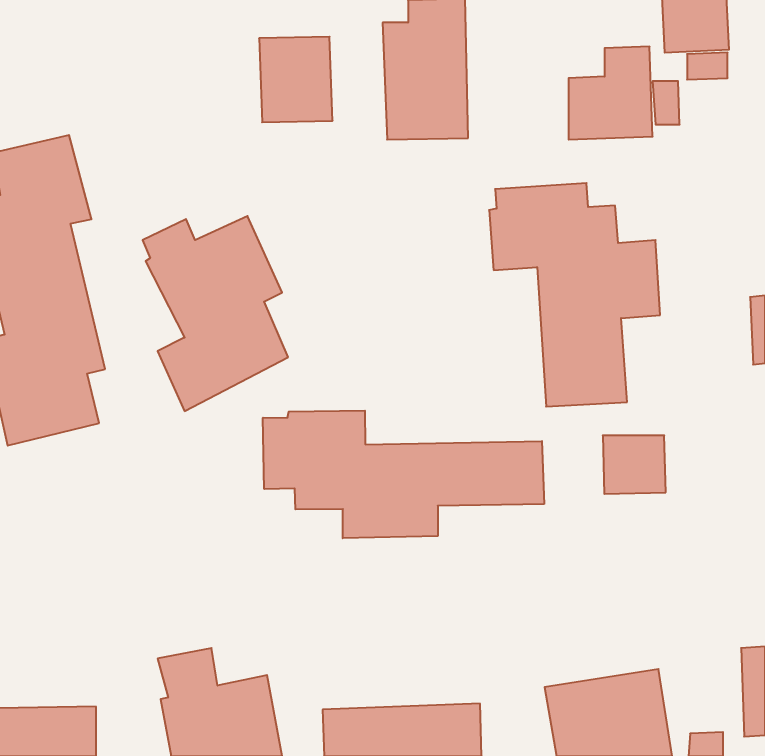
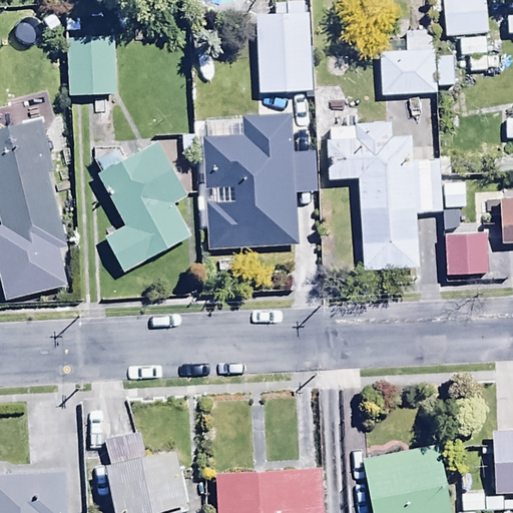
building: [259,37,333,122] -> [68,37,117,94]
building: none -> [207,117,314,251]
building: [263,411,544,538] -> none
building: [603,435,666,494] -> [445,236,487,276]

